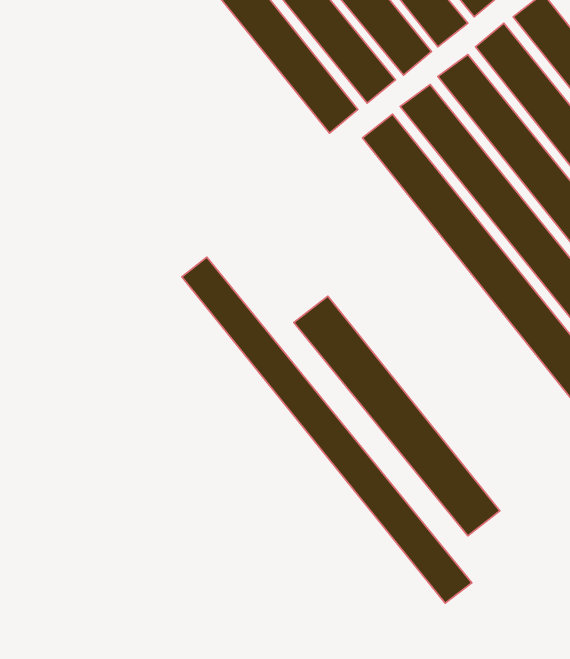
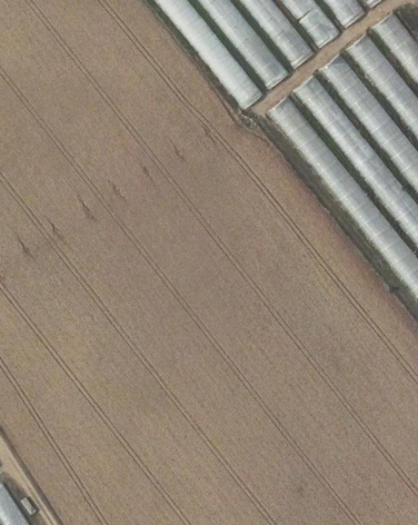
building: [182,257,472,603] -> none
building: [294,296,500,536] -> none

